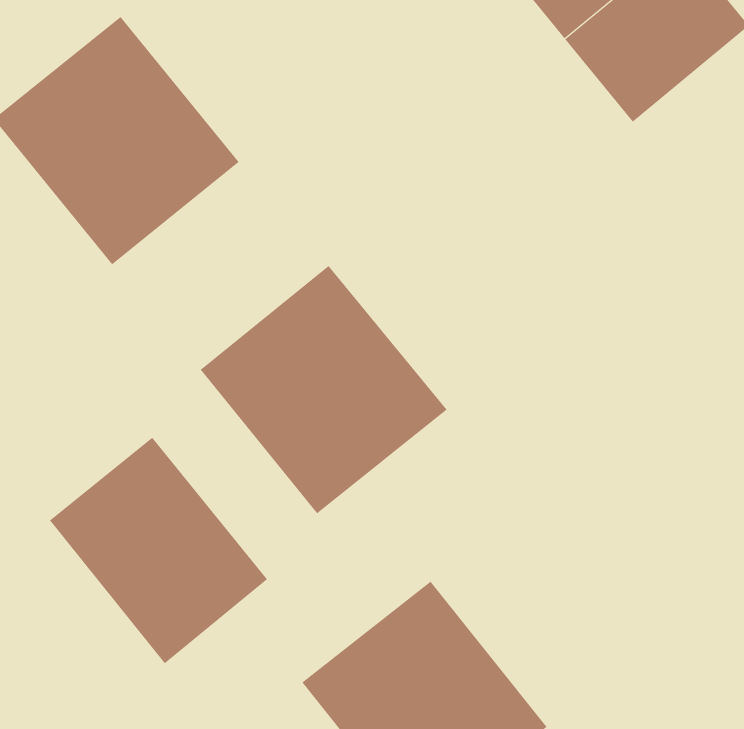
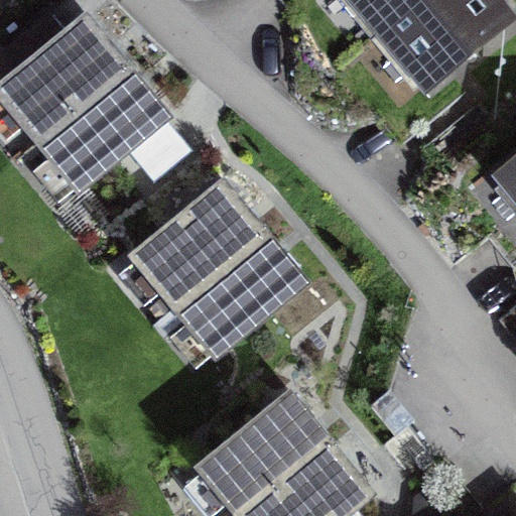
building: [49,437,268,664] -> none

